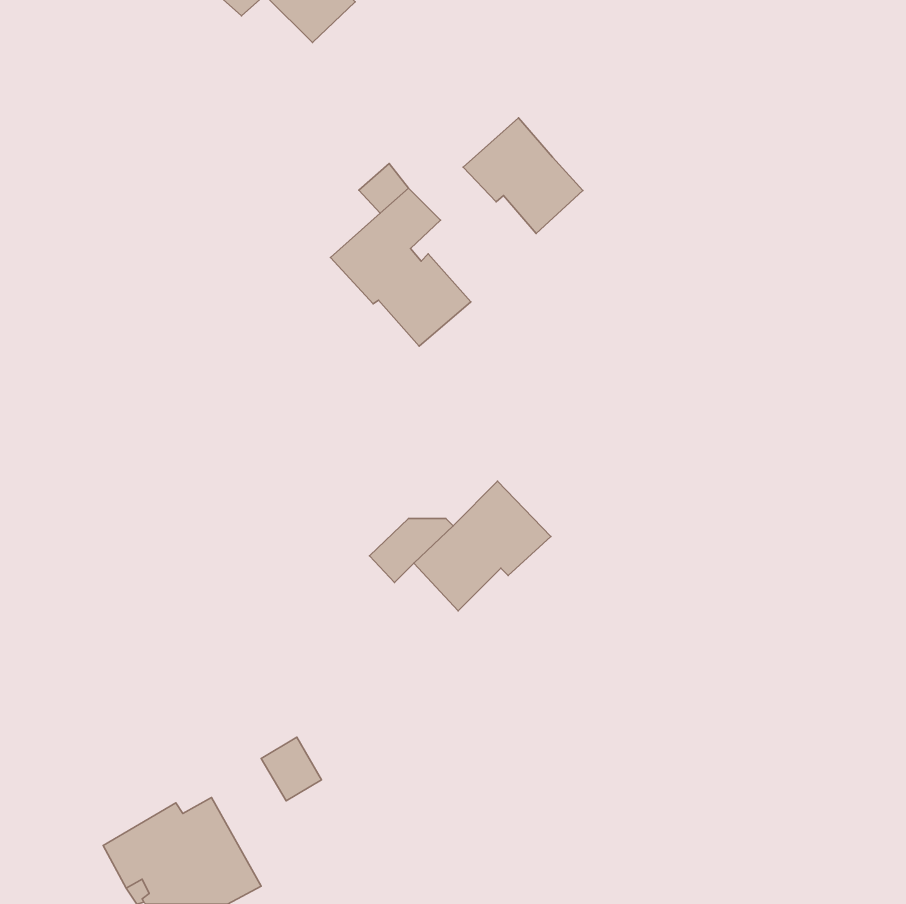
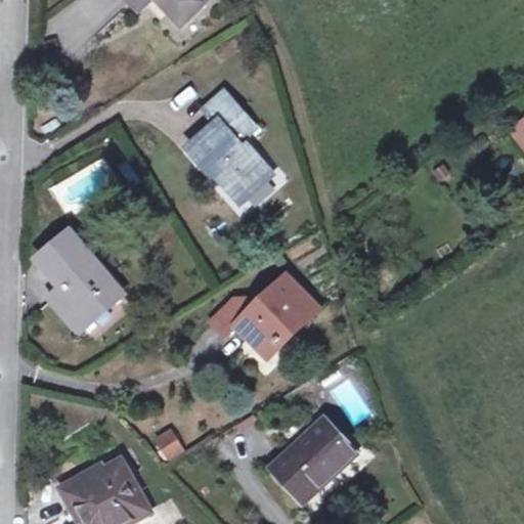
building: [463,118,583,234] -> none
building: none -> [44,234,121,329]
building: none -> [269,420,354,501]

